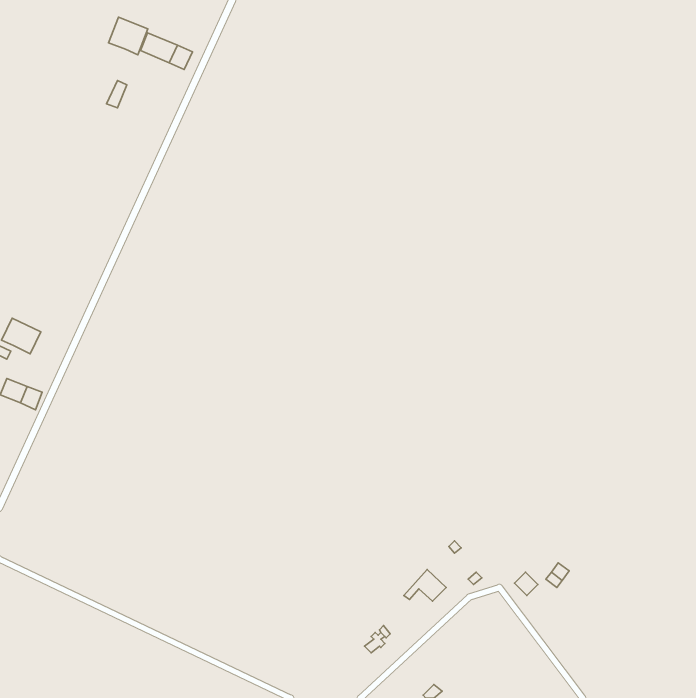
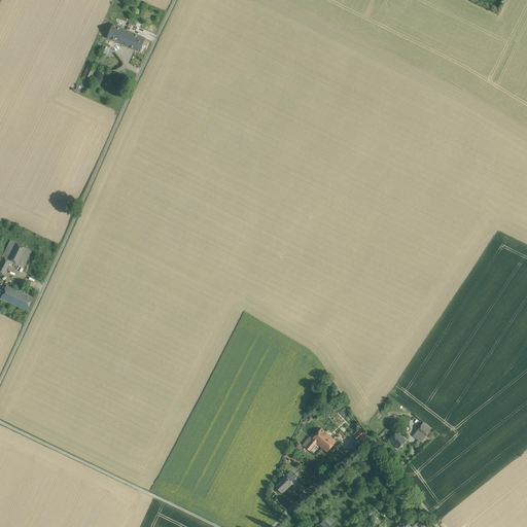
building: [109,17,148,55] -> none

